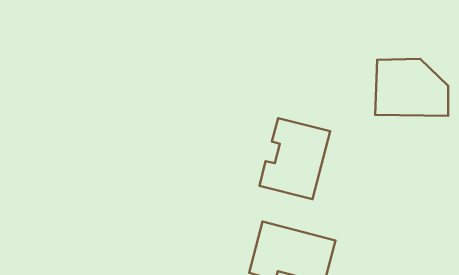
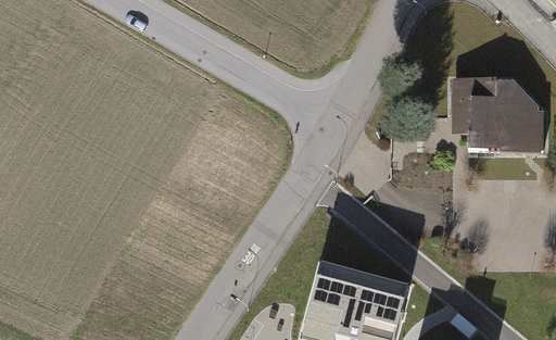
building: [260,118,330,199] -> none

